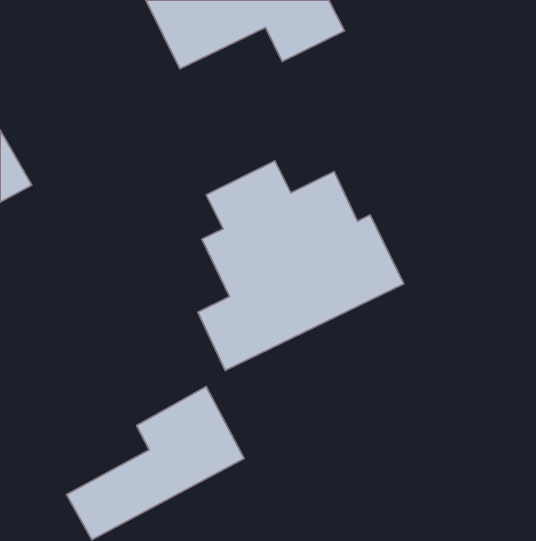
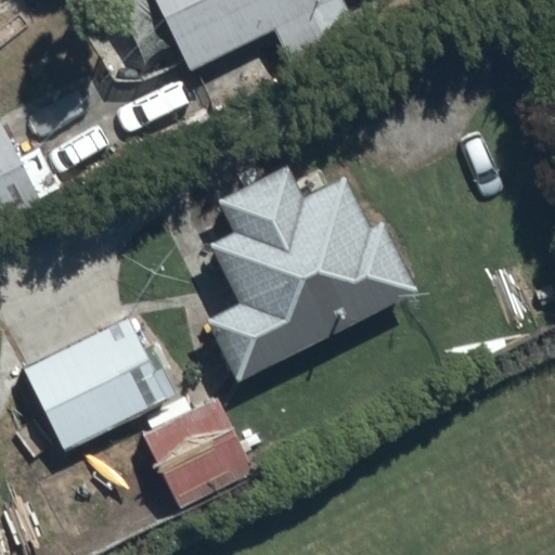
building: none -> [25,317,169,451]

